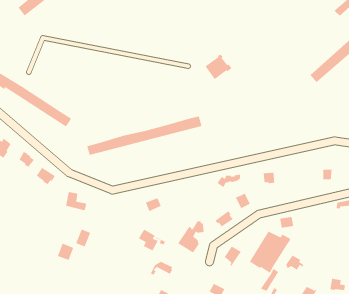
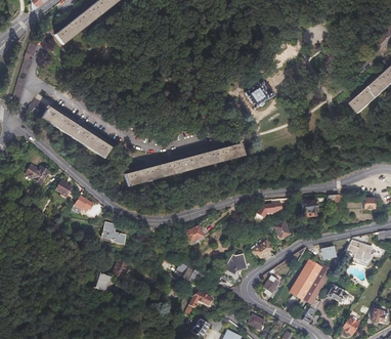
building: none -> [349,243,380,267]

